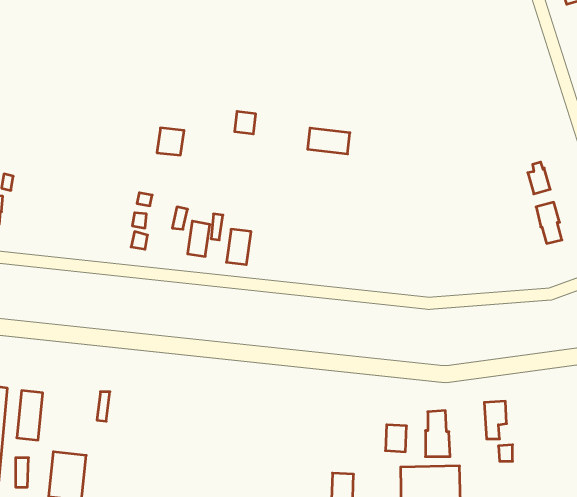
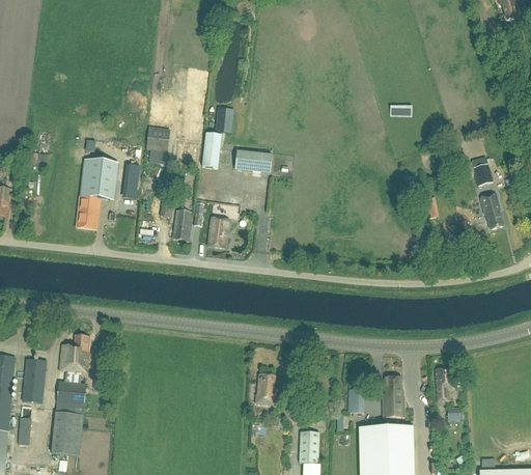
building: [308,128,350,154] -> [234,150,272,173]
building: none -> [201,133,221,167]
building: none -> [76,158,117,229]
building: none -> [56,335,90,406]
building: none -> [255,373,275,404]

